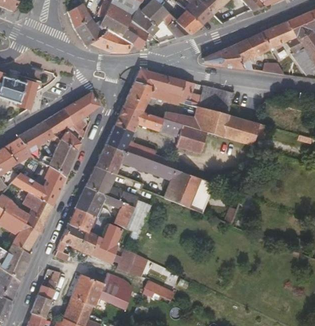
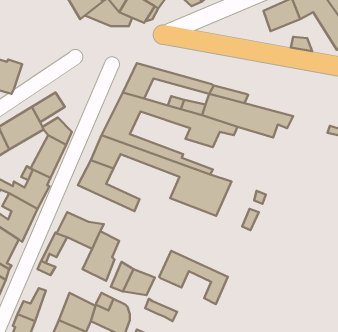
building: [204,38,252,67] -> none
building: [137,69,196,97] -> none
building: [200,85,234,108] -> none
building: [68,91,102,126] -> none
building: [77,185,135,230] -> [159,251,228,304]
building: [69,229,99,256] -> none

